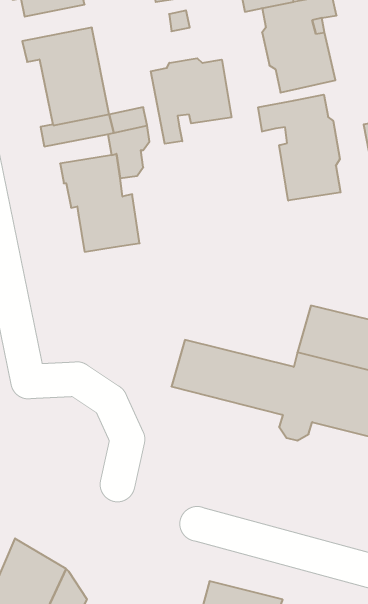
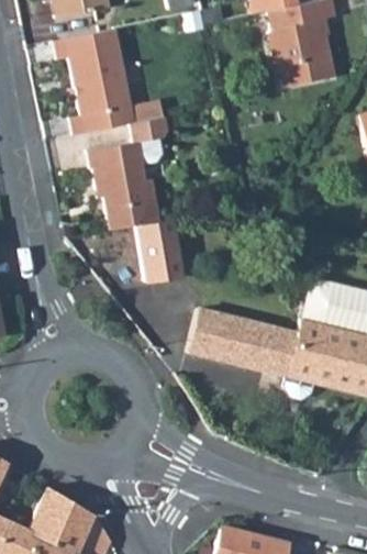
building: [151,58,231,144] -> none
building: [258,95,341,201] -> none
building: none -> [137,218,181,282]

